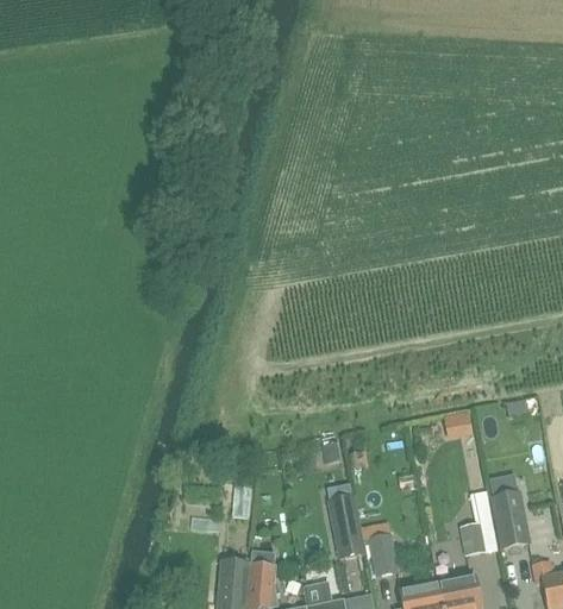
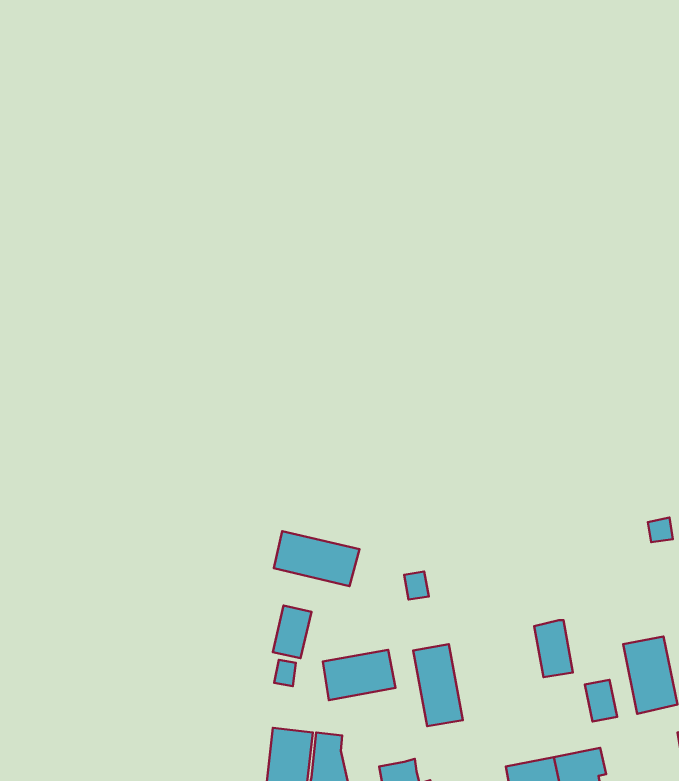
building: none -> [274,531,359,586]
building: none -> [323,650,395,700]
building: [368,533,398,577] -> [534,620,573,677]

